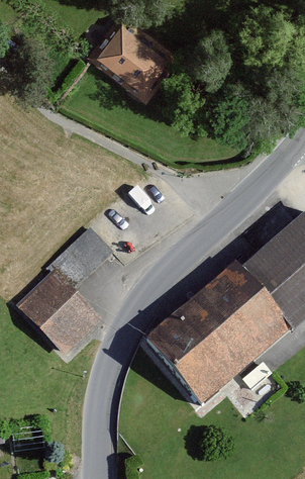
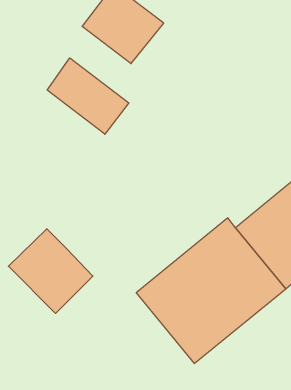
building: none -> [47,58,129,134]
building: [46,224,111,288] -> none

